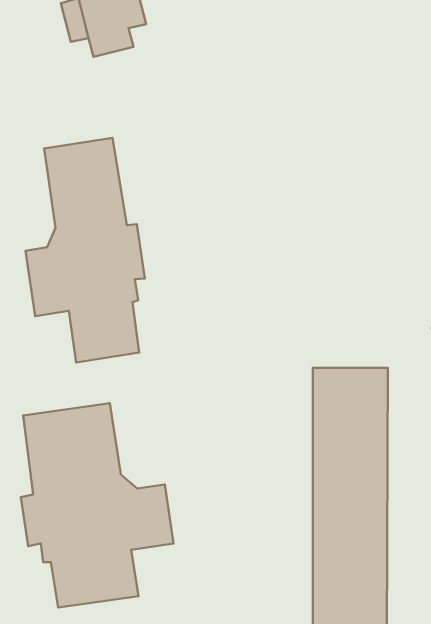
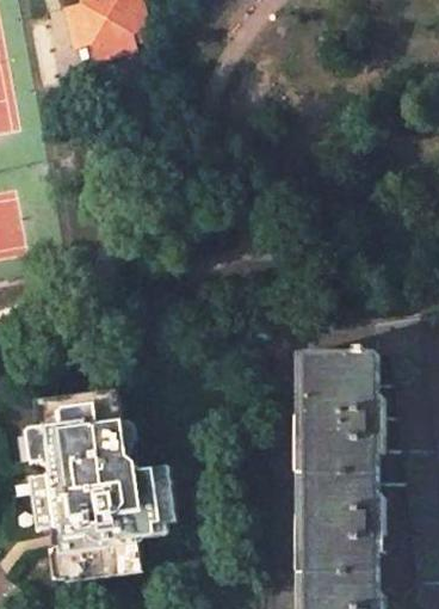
building: [25,138,145,363] -> none

